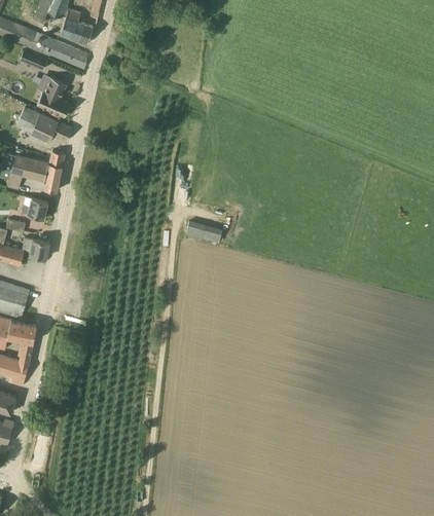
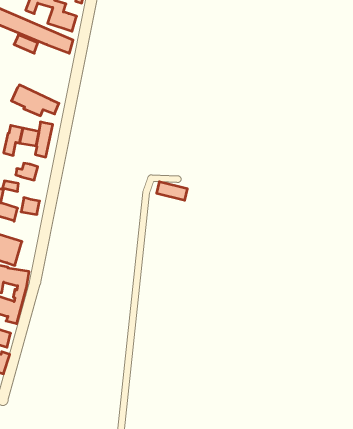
building: [36,77,69,117] -> none

